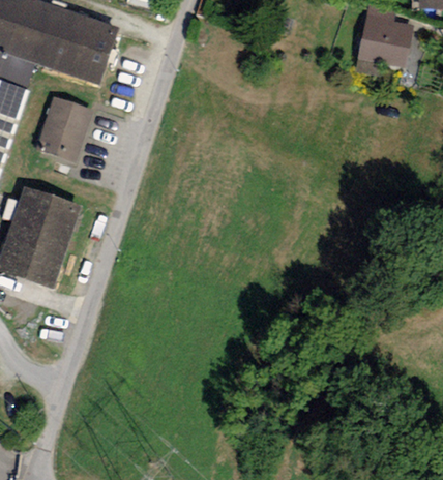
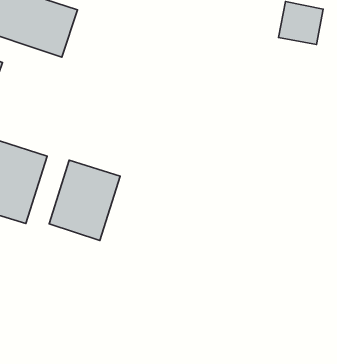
building: [35,94,91,157] -> none
building: none -> [49,160,120,240]

